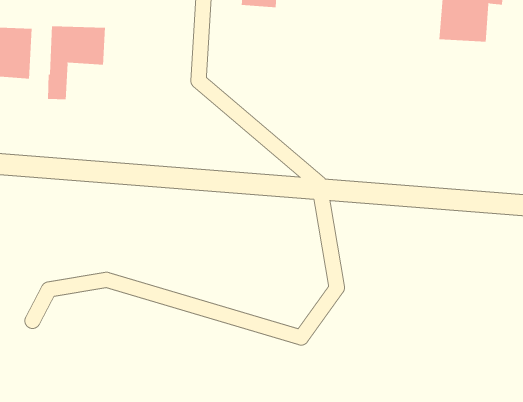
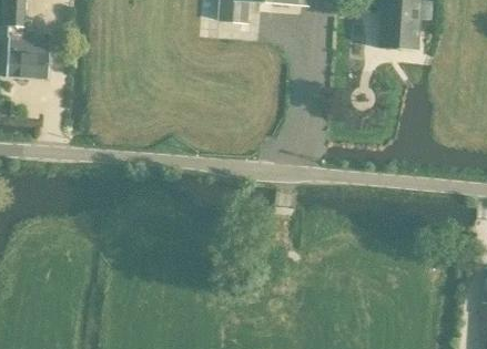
building: [48,25,106,100] -> none

